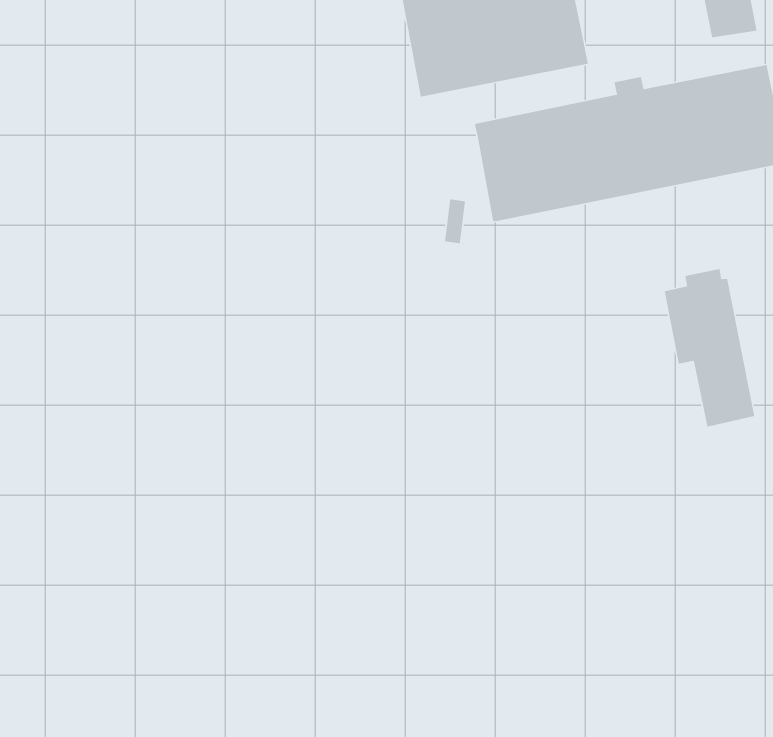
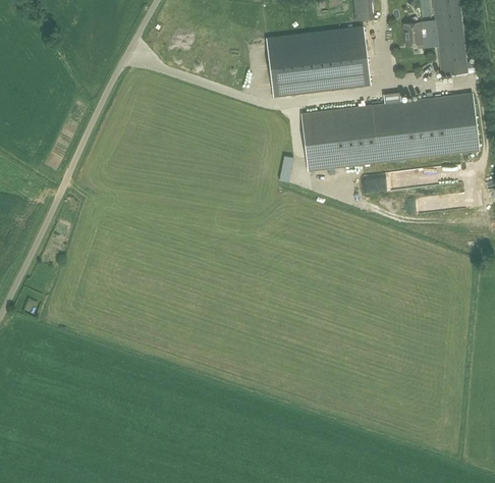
building: [664,268,755,428] -> none

